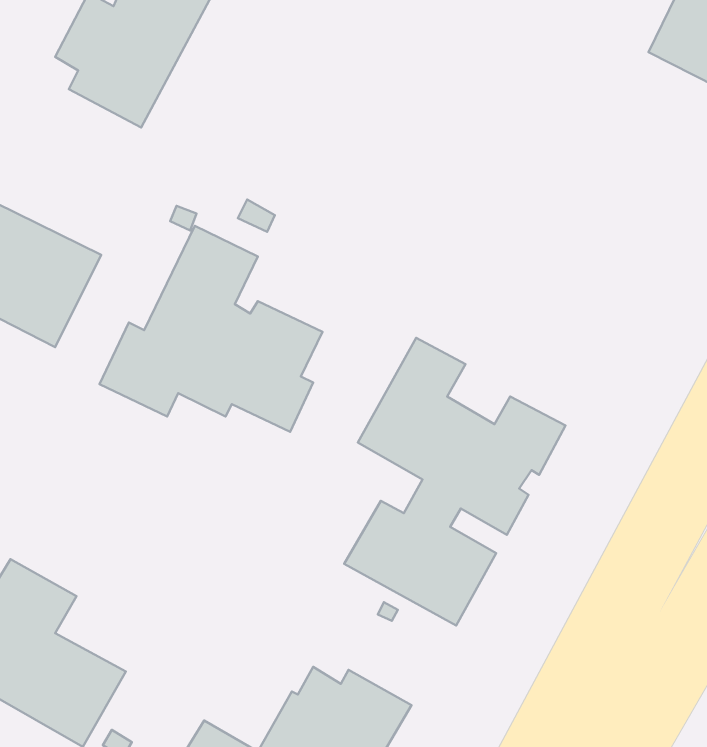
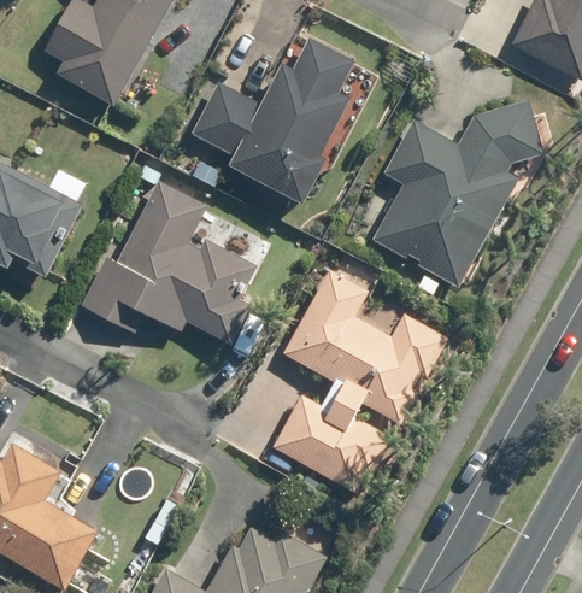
building: none -> [192,37,358,201]
building: none -> [372,98,541,287]

